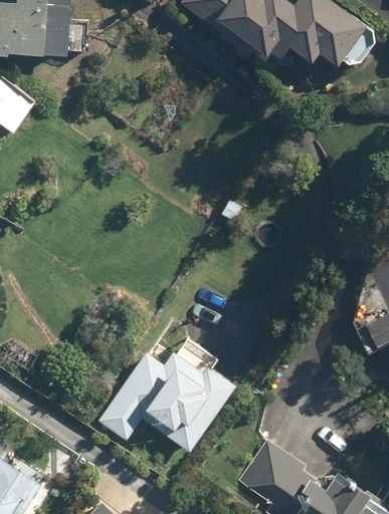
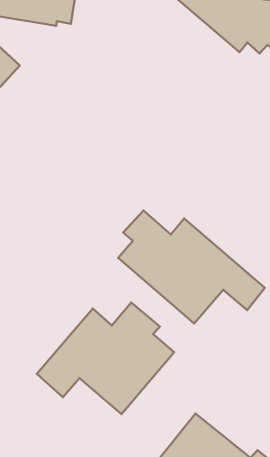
building: none -> [118,210,265,323]

